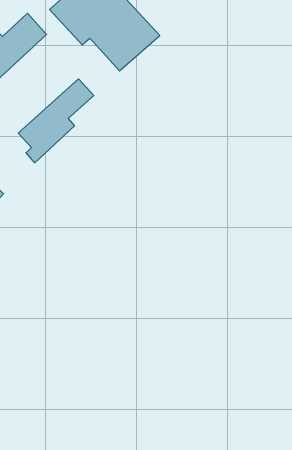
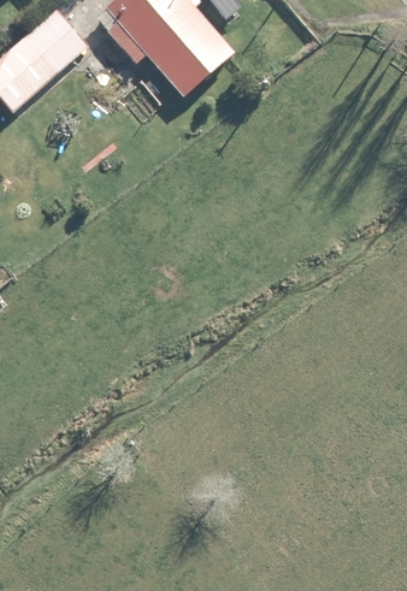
building: [18,79,94,163] -> none

